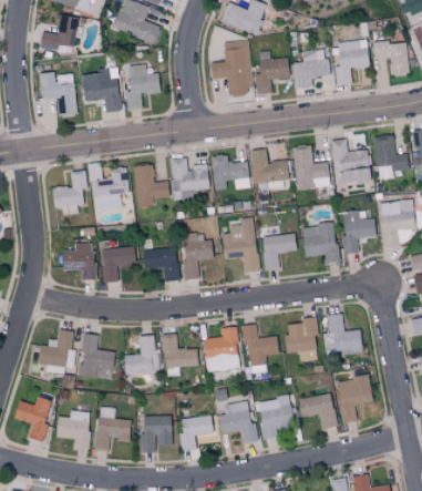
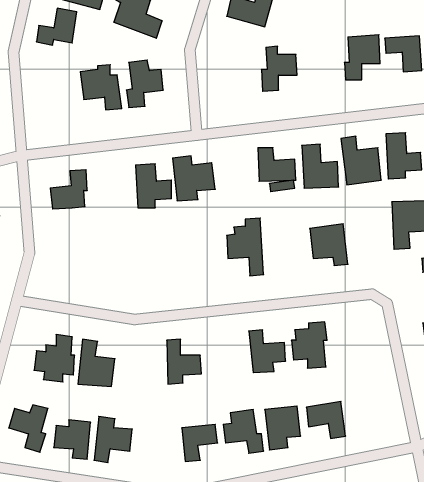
building: [210,41,253,96] -> none
building: [295,49,329,88] -> none
building: [40,72,76,116] -> none
building: [212,154,250,188] -> none
building: [90,162,130,209] -> none
building: [341,209,375,253] -> none
building: [183,234,212,278] -> none
building: [263,234,296,269] -> none
building: [62,243,95,279] -> none
building: [101,246,134,282] -> none
building: [142,247,177,280] -> none
building: [323,313,361,351] -> none
building: [203,326,240,372] -> none
building: [124,335,157,372] -> none
building: [334,376,371,423] -> none
building: [141,415,171,452] -> none

